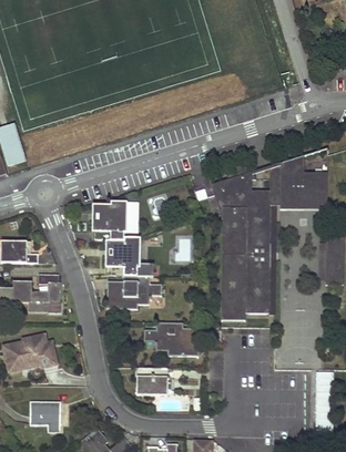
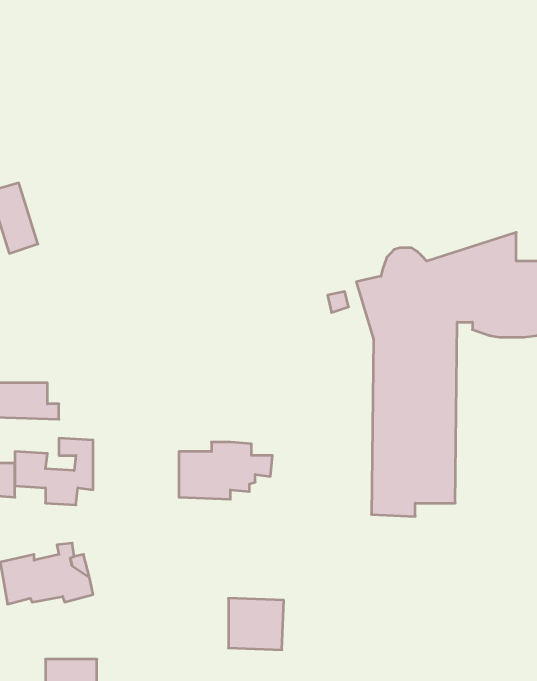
building: [93,201,126,233] -> none
building: [106,237,140,275] -> none
building: [145,321,200,356] -> none

